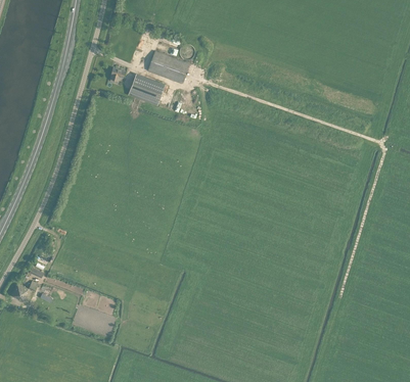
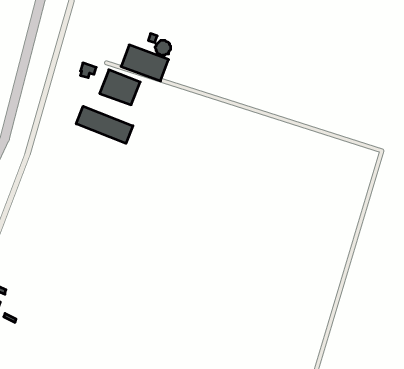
building: none -> [76,106,133,143]

